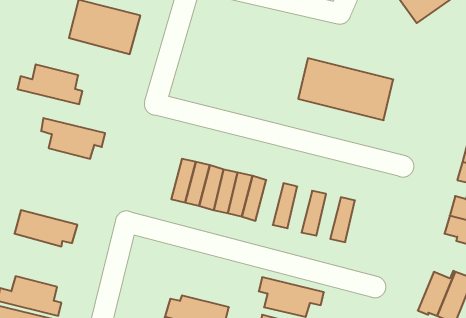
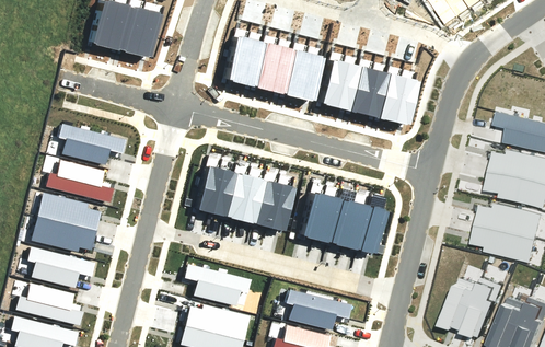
building: none -> [223,38,322,102]
building: [17,64,82,104] -> [44,161,111,201]
building: none -> [38,193,102,232]
building: none -> [312,193,337,240]
building: none -> [341,200,367,246]
building: none -> [27,247,94,288]
building: none -> [184,261,251,301]

